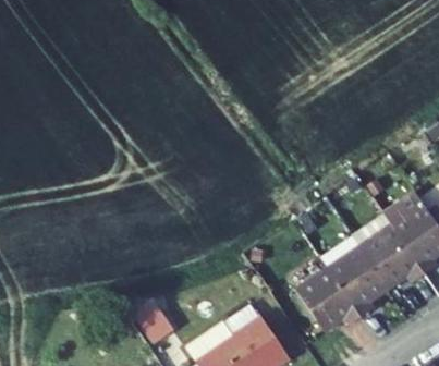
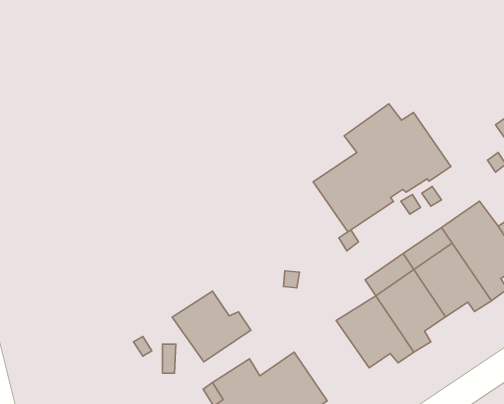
building: none -> [313,104,451,232]
building: none -> [172,291,251,362]

